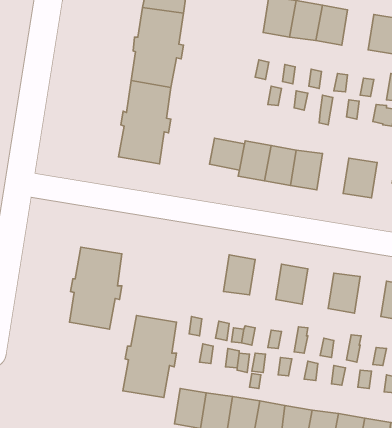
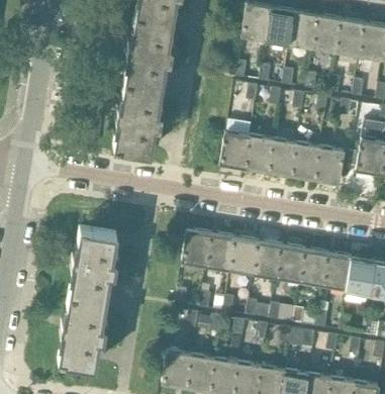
building: none -> [312,16,341,52]
building: [209,138,244,170] -> none
building: none -> [290,143,318,179]
building: none -> [183,230,212,266]
building: none -> [230,237,259,273]
building: none -> [277,245,305,281]
building: none -> [323,253,352,288]
building: [123,315,176,398] -> [59,293,106,366]

